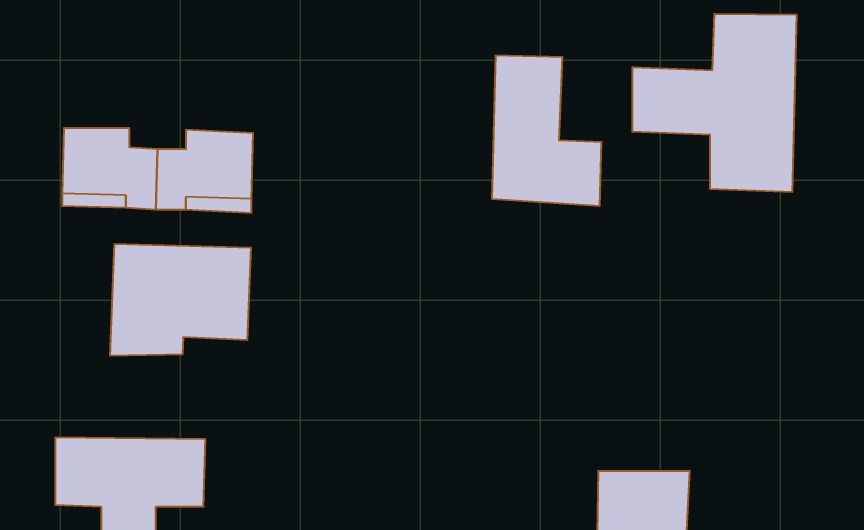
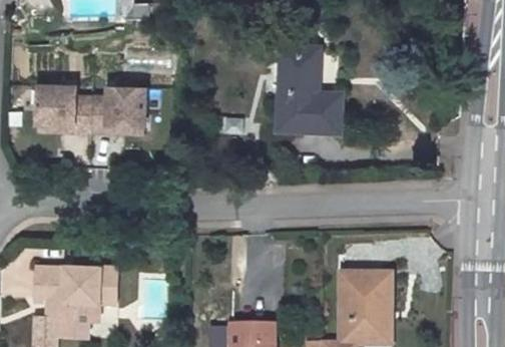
building: [632,14,797,192] -> none
building: [110,244,251,356] -> none

